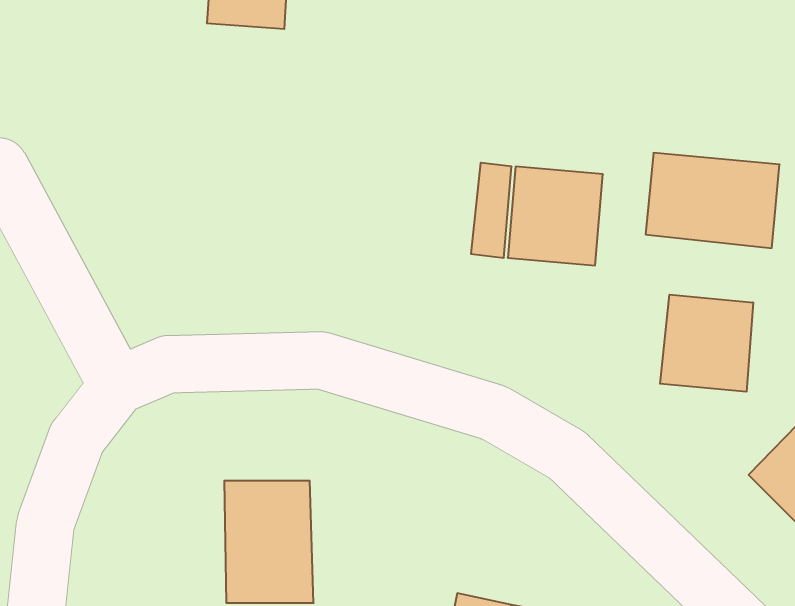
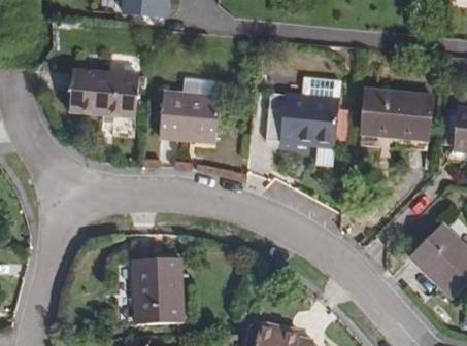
building: none -> [67,69,138,118]
building: none -> [160,91,224,138]
building: [660,295,753,392] -> none

